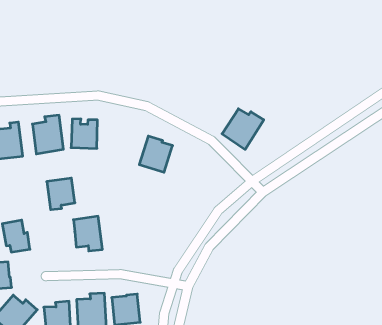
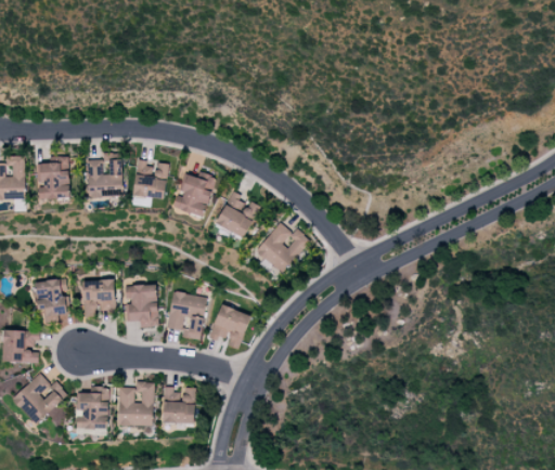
building: [222,109,264,149] -> [255,222,309,274]
building: none -> [173,171,217,218]
building: [47,178,75,210] -> [82,279,115,316]
building: none -> [166,291,207,340]
building: none -> [210,305,249,350]

